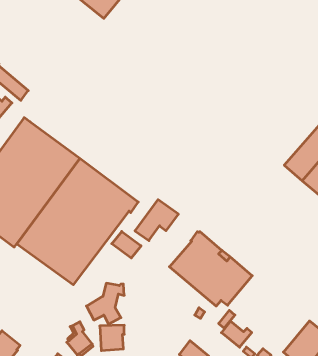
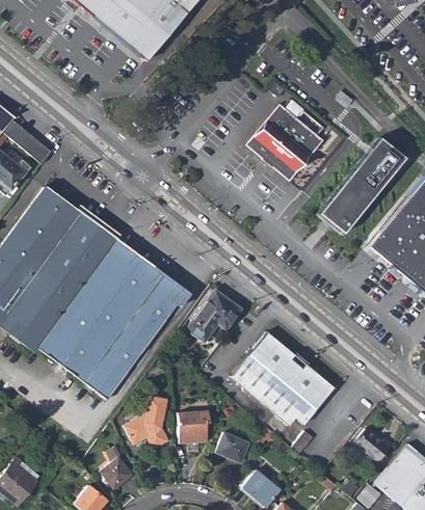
building: none -> [247,105,324,181]
building: none -> [319,136,405,234]
building: [112,231,141,258] -> none
building: none -> [216,432,248,461]
building: [221,321,252,347] -> [354,428,393,461]
building: [100,325,124,351] -> [178,410,209,442]

